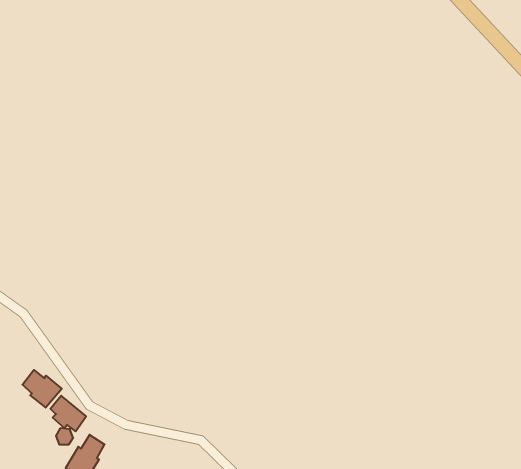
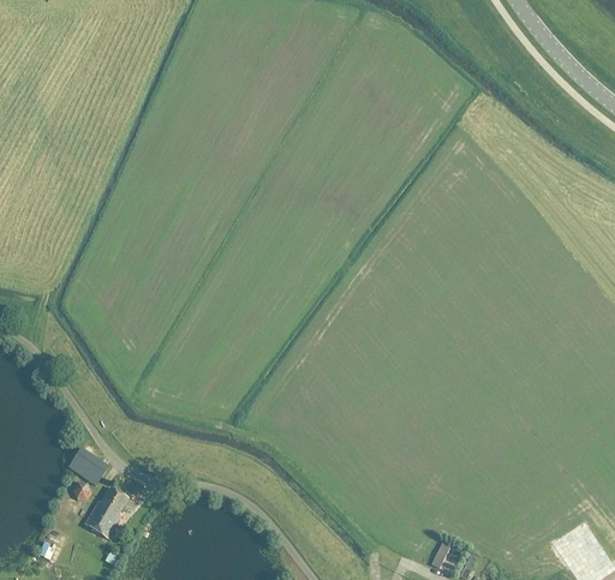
building: [22,370,62,408] -> none

